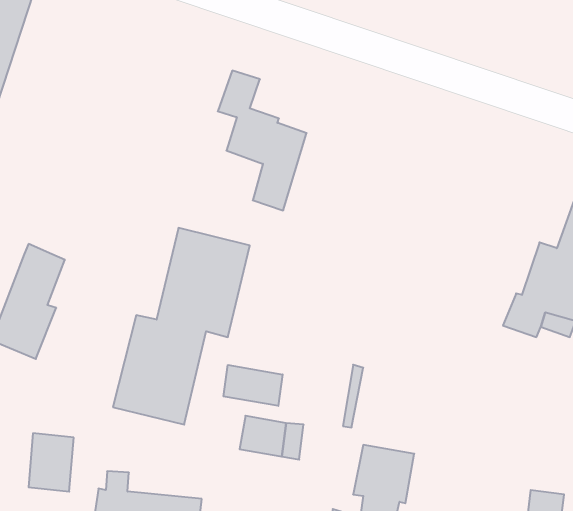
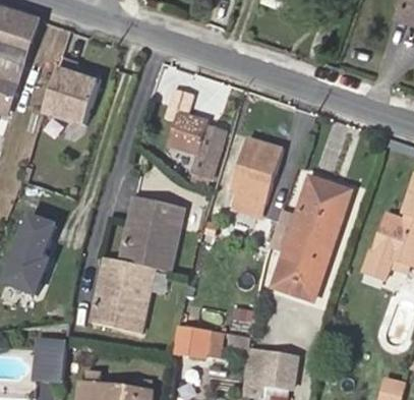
building: none -> [47,66,101,121]
building: none -> [230,136,283,217]
building: none -> [272,176,351,300]
building: [224,365,283,406] -> none

